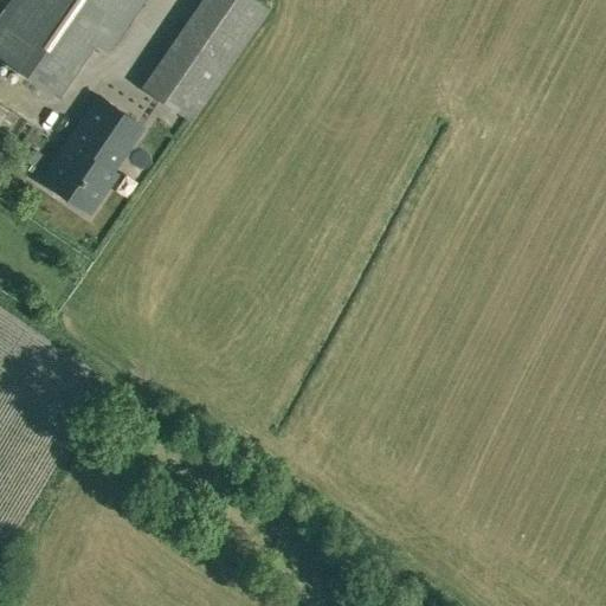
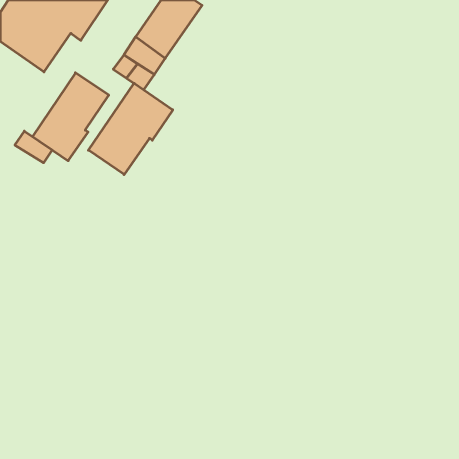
building: none -> [88,83,173,175]
building: none -> [15,131,52,163]

